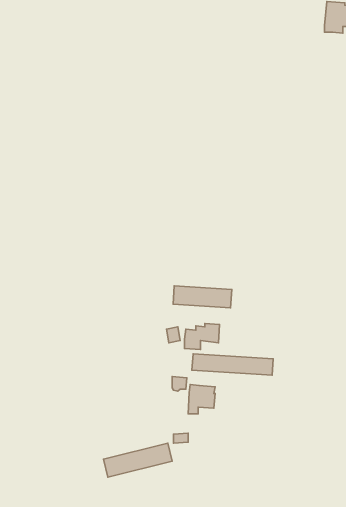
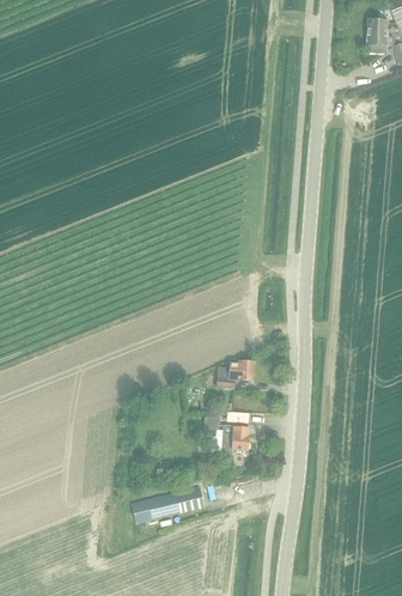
building: [173,286,232,308] -> none
building: [192,354,273,375] -> none

